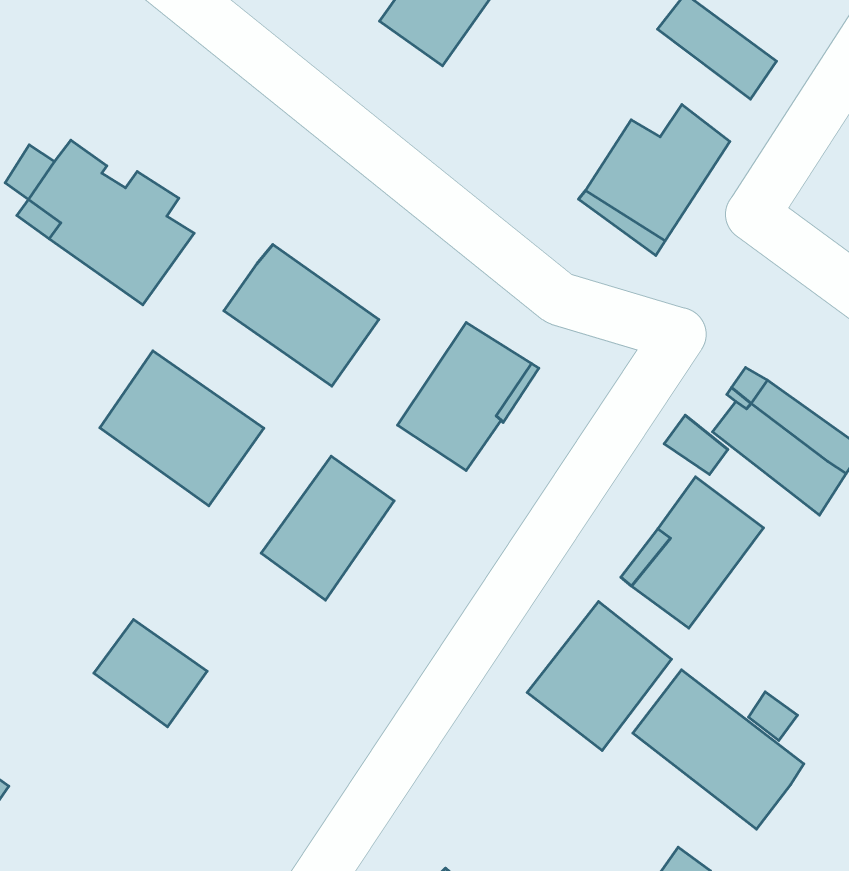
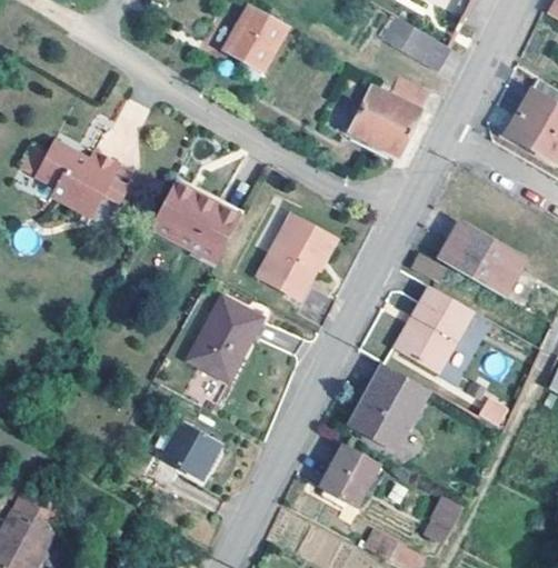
building: [100,351,264,506] -> none
building: [94,619,207,727] -> [162,421,227,480]
building: [633,670,804,829] -> none
building: none -> [319,442,380,508]

